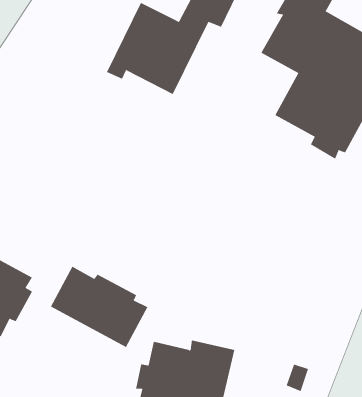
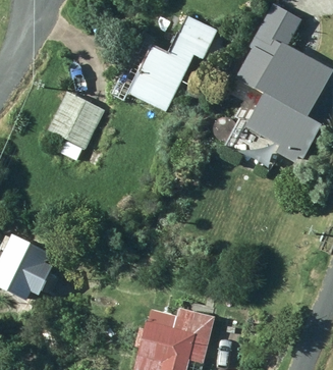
building: none -> [48,91,105,159]
building: [50,266,148,348] -> none

